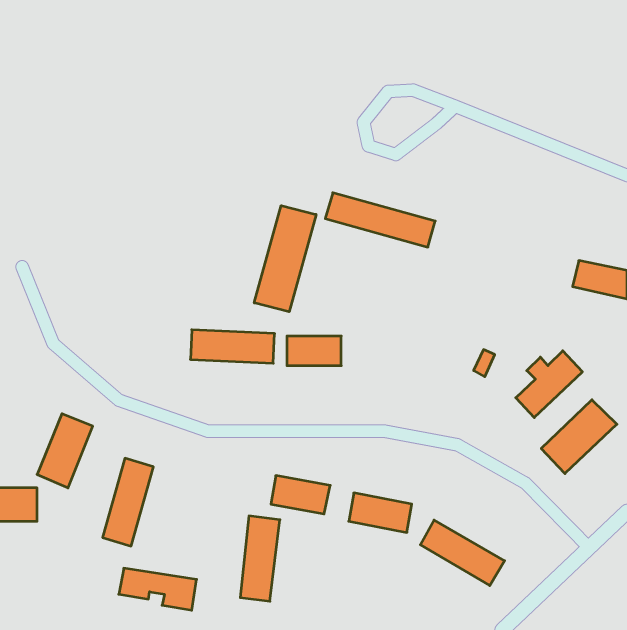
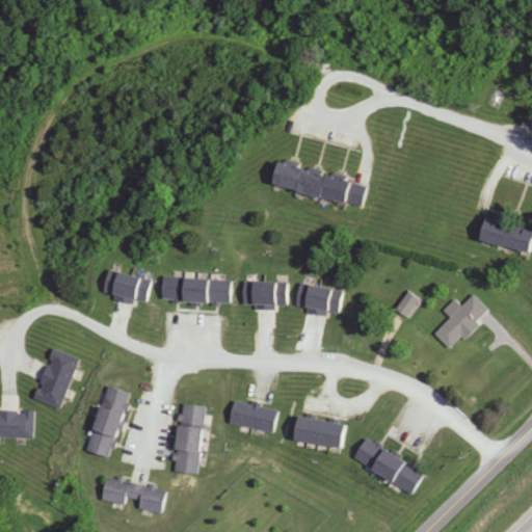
building: [254,206,316,312] -> none
building: none -> [101,270,150,304]
building: none -> [294,284,342,316]
building: [541,400,617,474] -> none
building: [240,516,280,601] -> [172,403,206,475]

